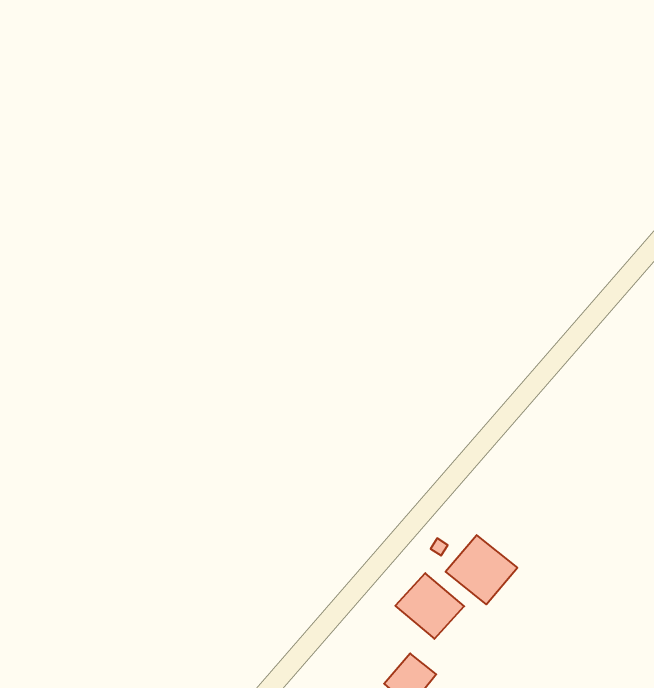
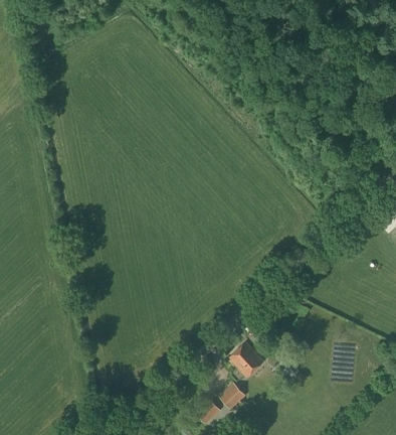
building: [446,535,517,604] -> none

